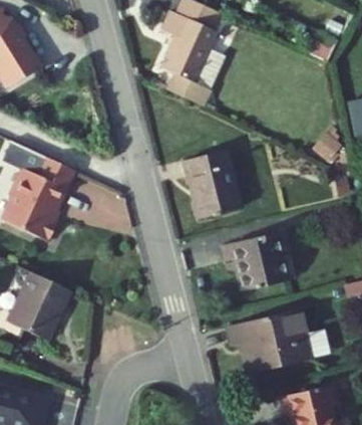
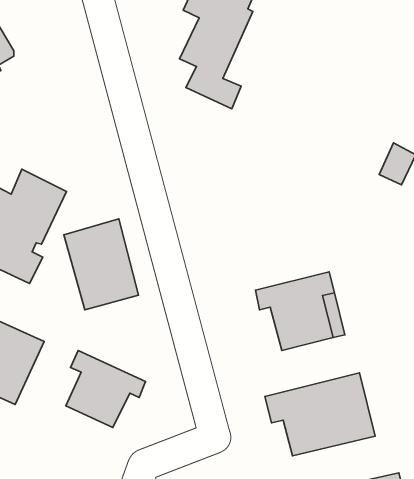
building: [184,148,241,217] -> [64,219,139,310]
building: none -> [66,351,146,428]

